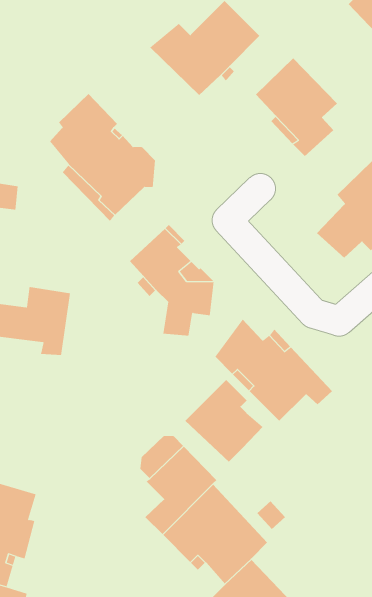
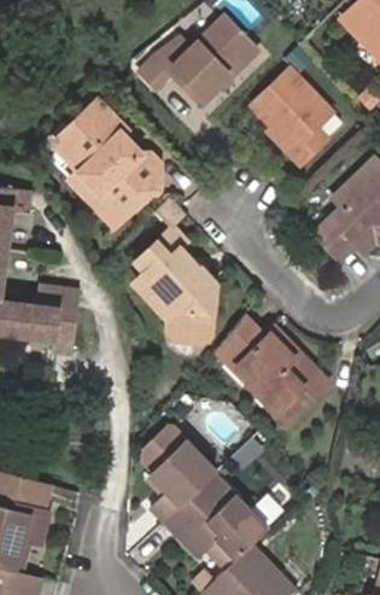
building: [184,379,263,462] -> none

